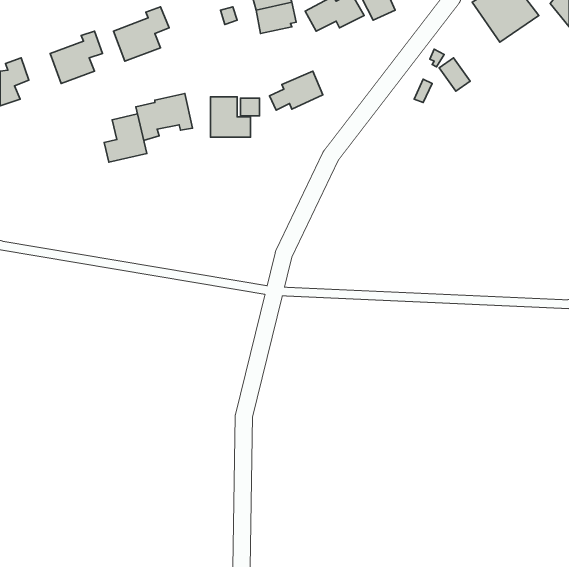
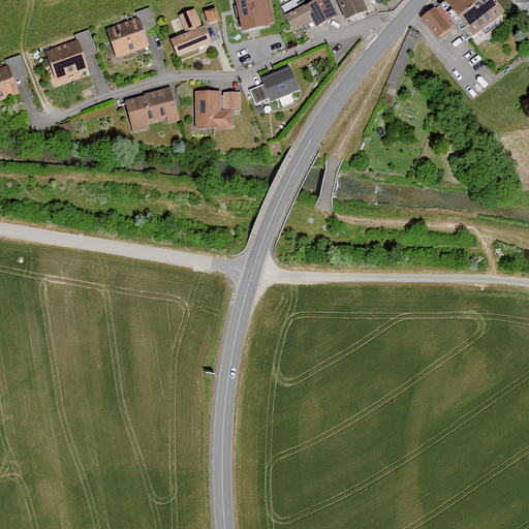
building: none -> [172,8,211,54]
building: [439,58,470,91] -> [419,7,448,38]
building: [104,114,147,162] -> none

